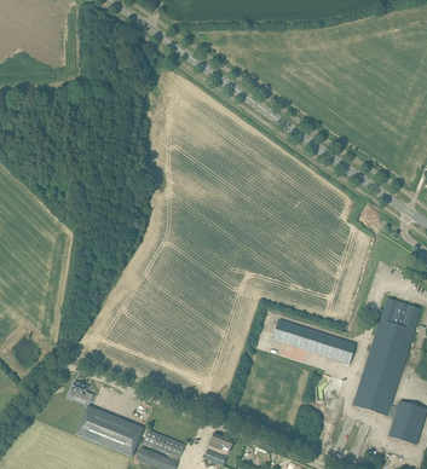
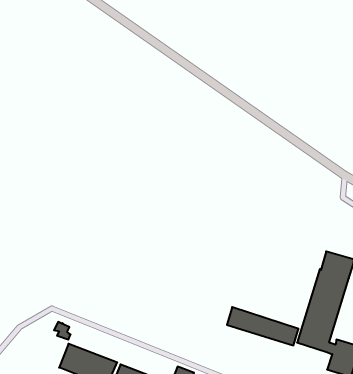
building: [272,319,356,364] -> [227,307,299,345]

